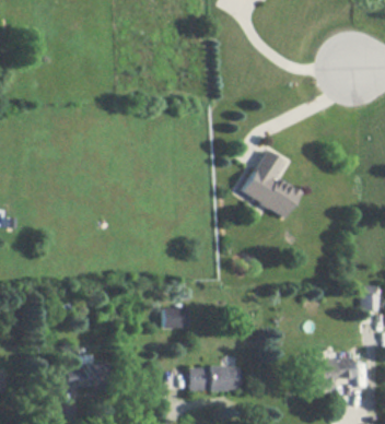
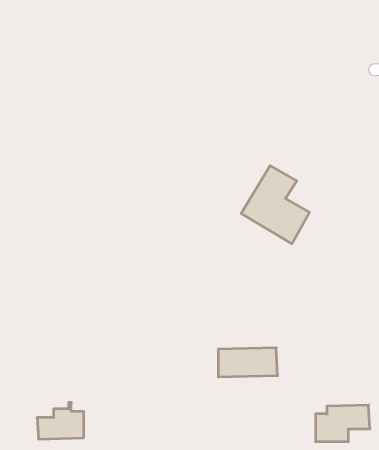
building: [162,308,189,329] -> none
building: [187,366,238,391] -> [218,348,278,377]

